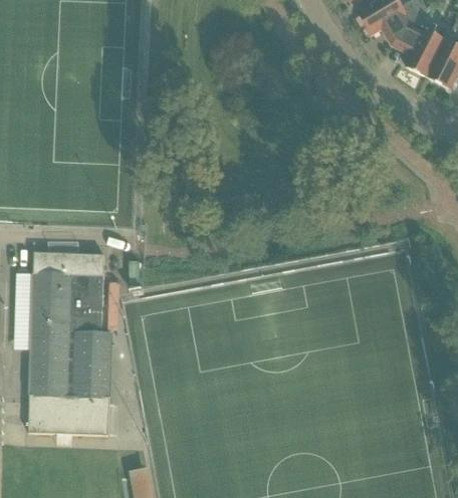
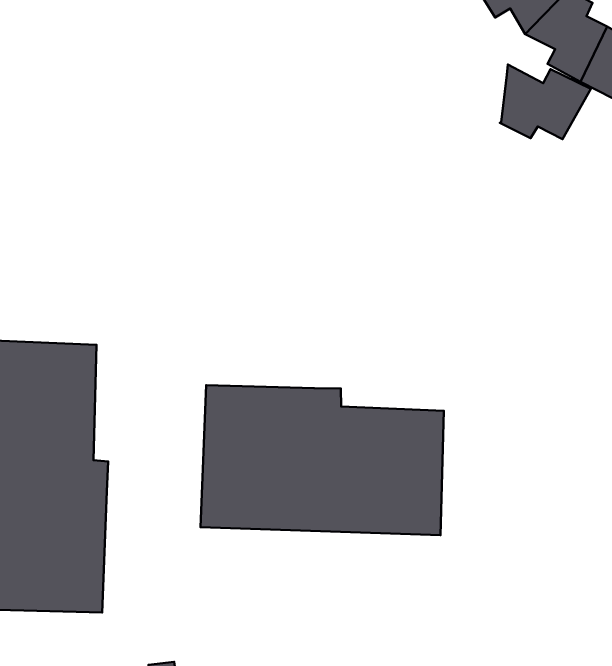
building: none -> [500,65,591,139]
building: none -> [201,385,444,535]

